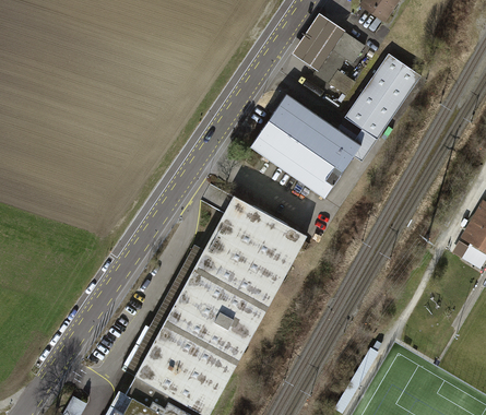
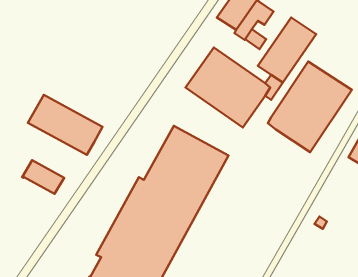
building: none -> [268,61,352,152]
building: none -> [28,95,103,155]
building: none -> [22,160,64,194]

